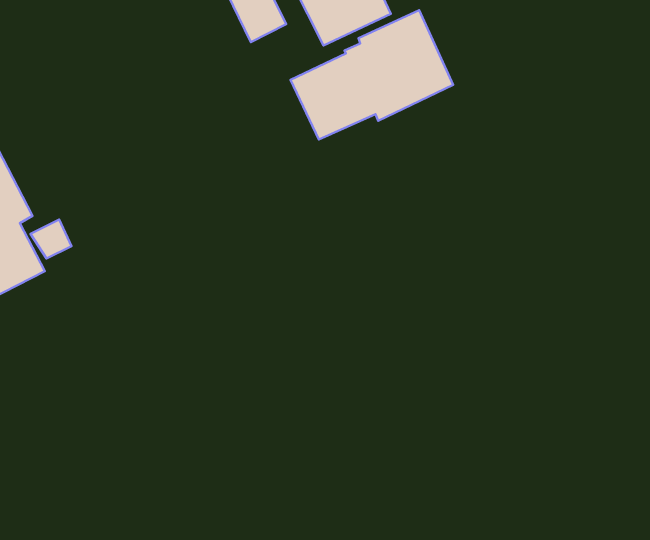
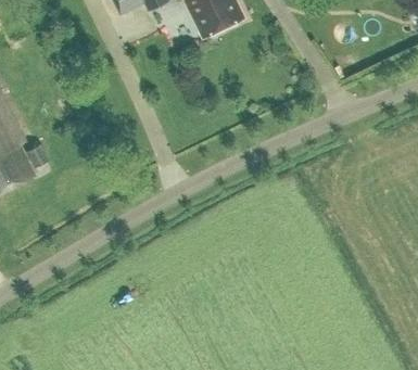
building: [291,10,453,140] -> none

